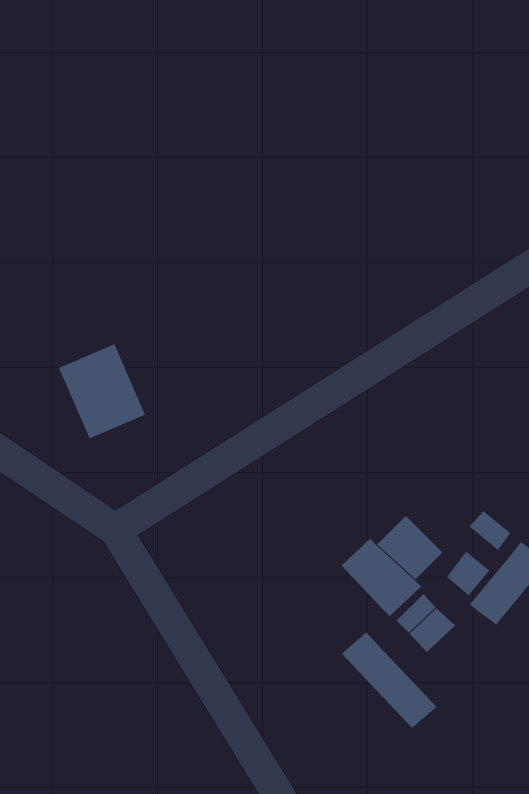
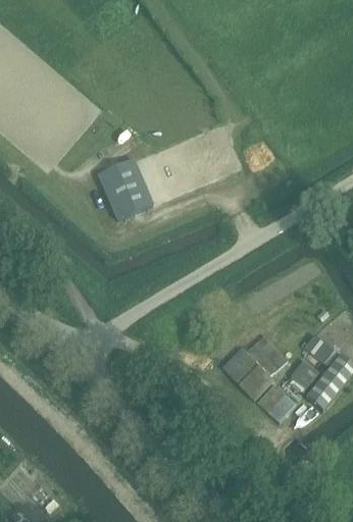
building: [58,343,146,439] -> [98,159,153,219]
building: [341,632,437,729] -> none

